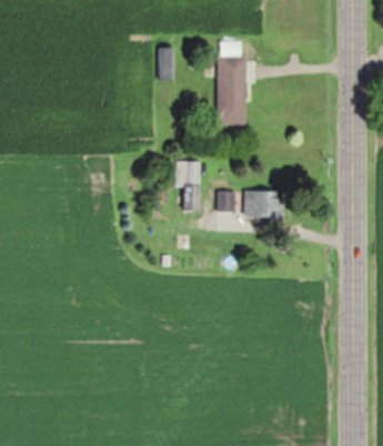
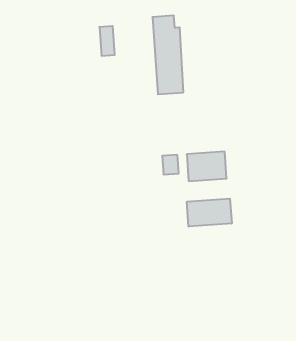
building: [175,161,200,212] -> none
building: none -> [187,199,232,227]

